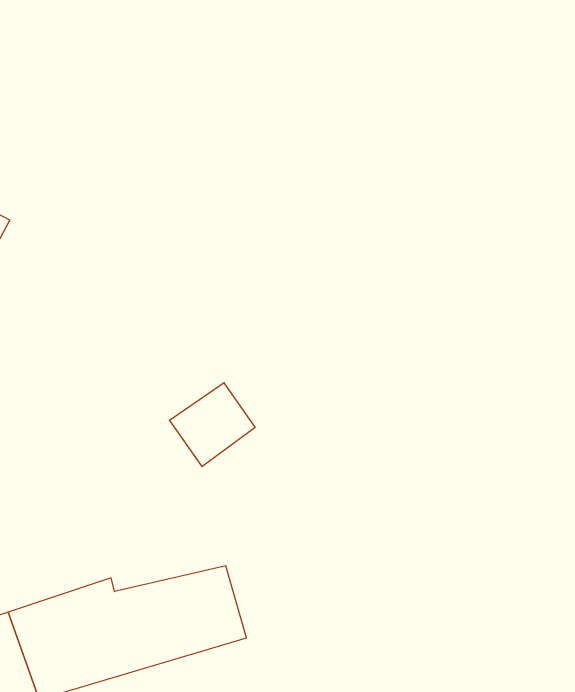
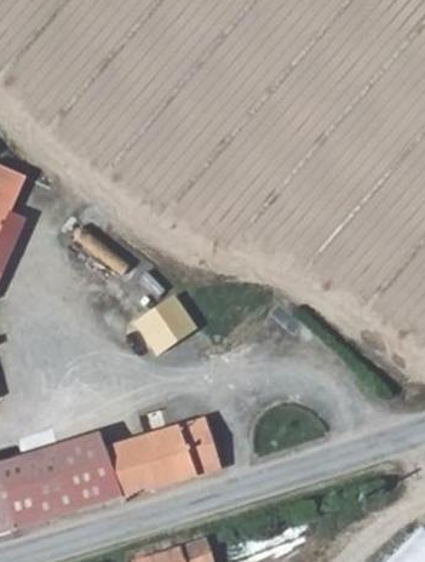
building: none -> [177,419,220,476]

